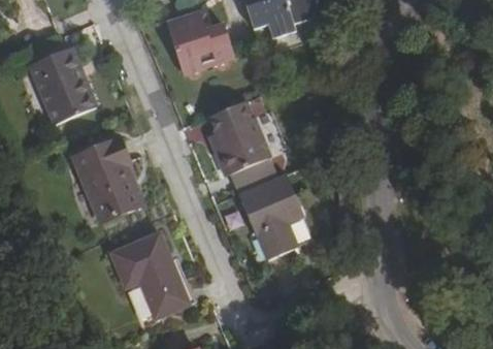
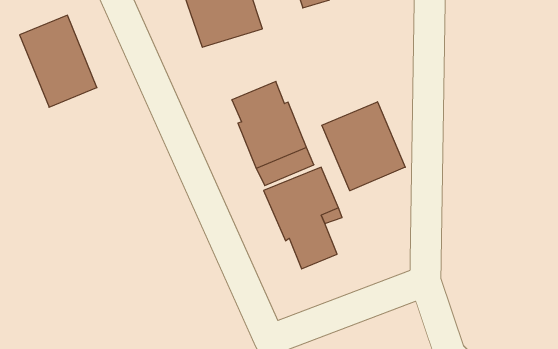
building: none -> [322,102,405,191]
building: [74,135,140,217] -> none
building: [109,230,189,317] -> none

